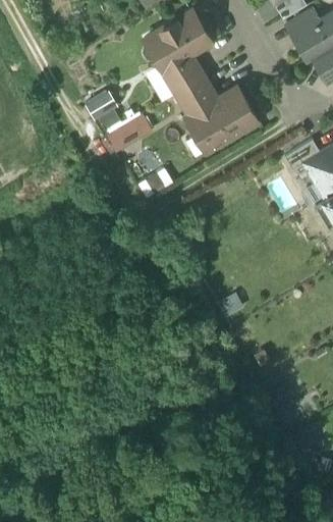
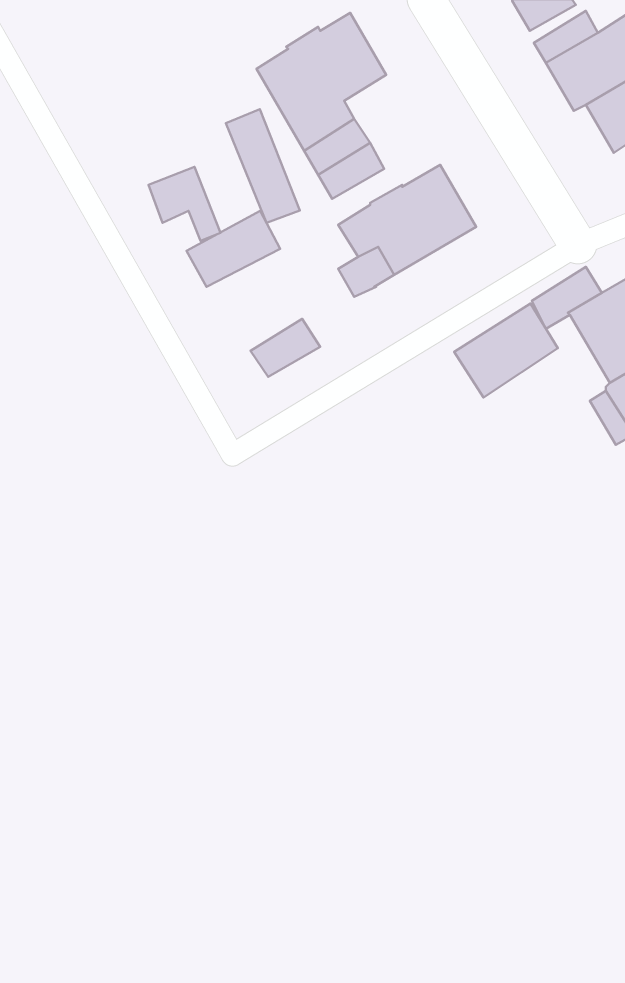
building: none -> [226,109,300,223]
building: none -> [454,304,558,398]

